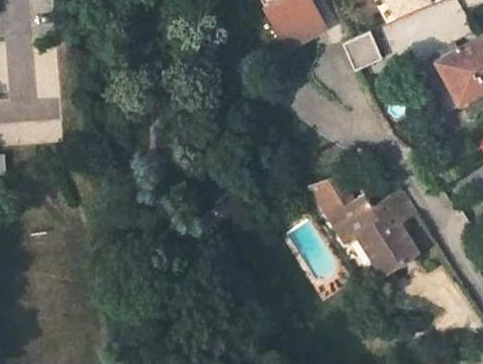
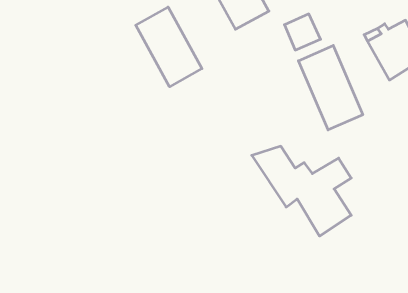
building: none -> [136,7,202,87]
building: none -> [298,45,363,130]

